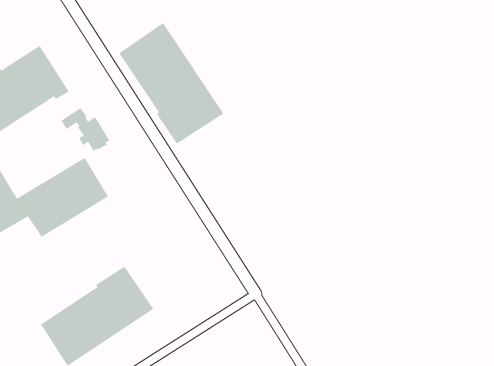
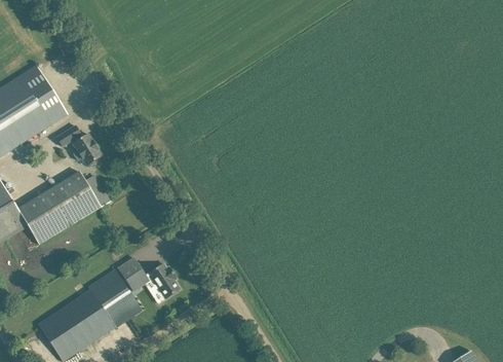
building: [118,22,224,145] -> none
building: none -> [118,257,180,297]

